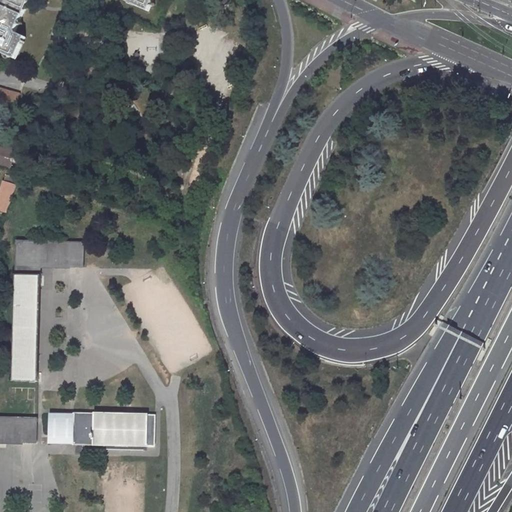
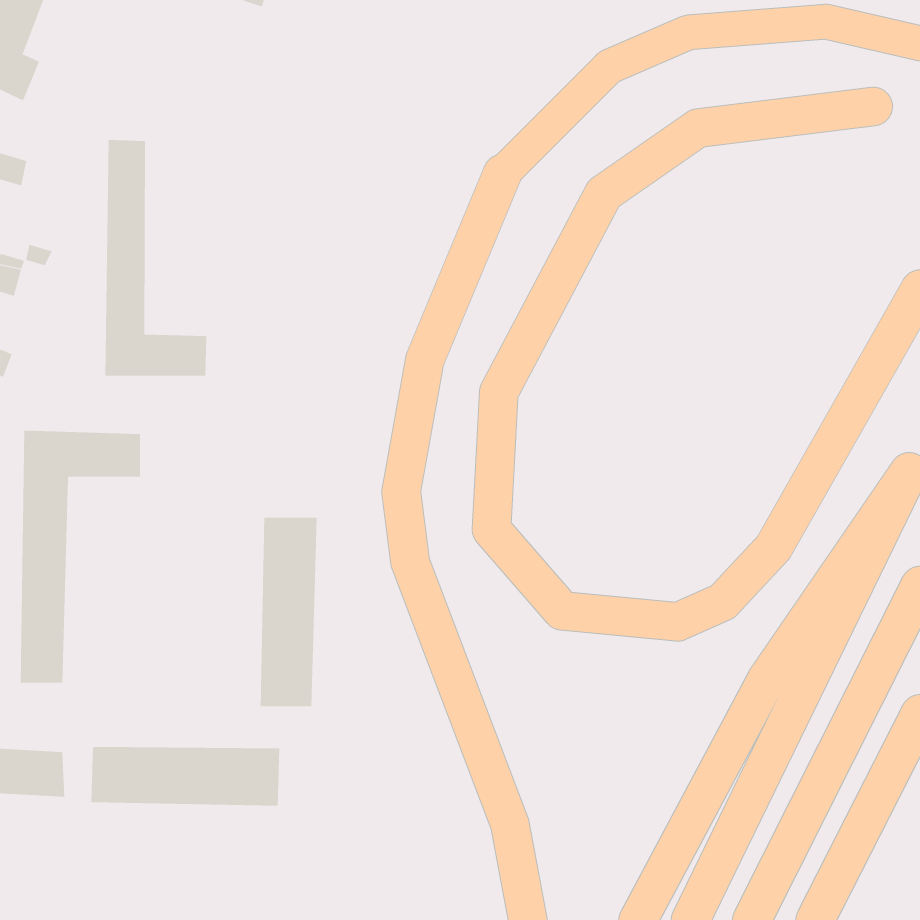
building: none -> [105,139,207,377]
building: none -> [260,517,317,707]

